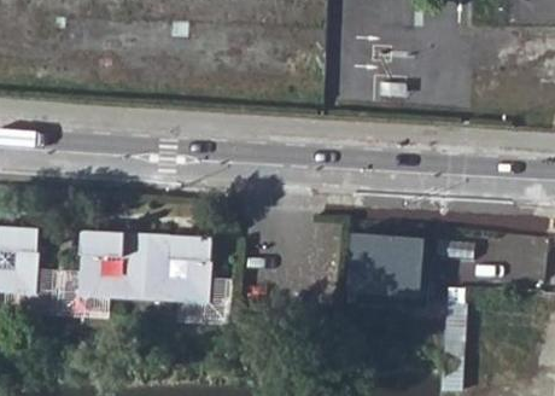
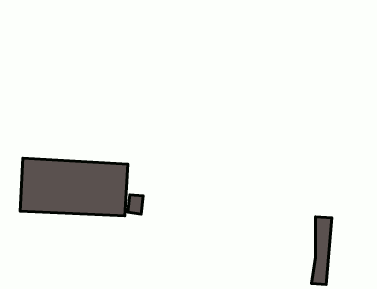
building: [349,229,428,297] -> none

